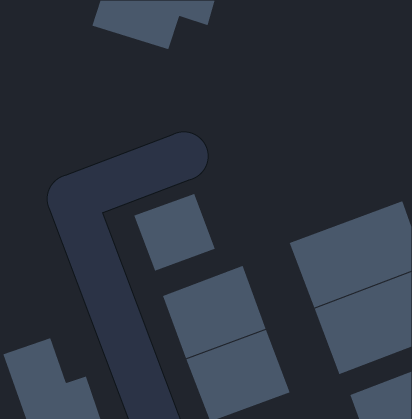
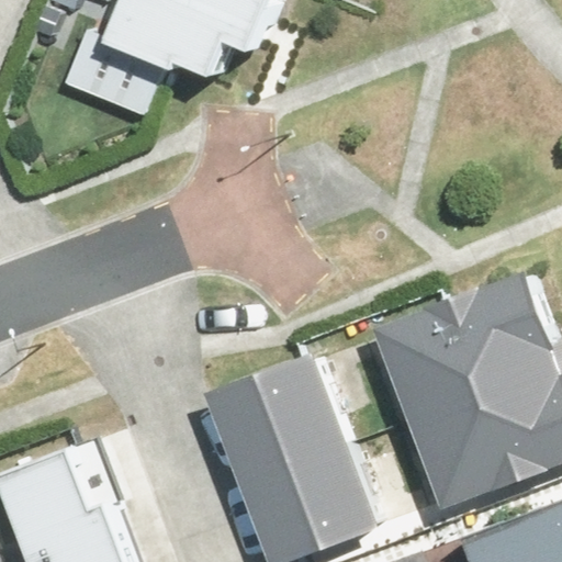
building: [133,193,215,272] -> none

